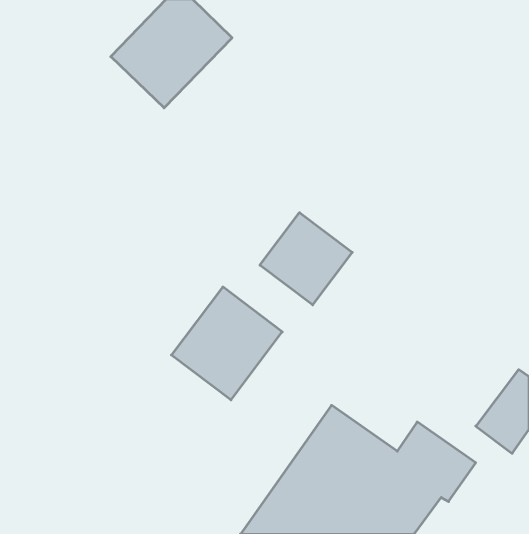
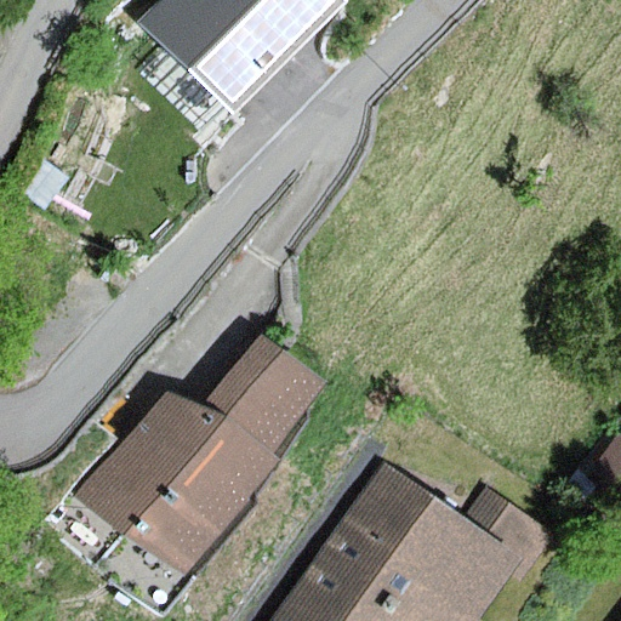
building: [260,213,352,305] -> none
building: none -> [78,383,268,575]

